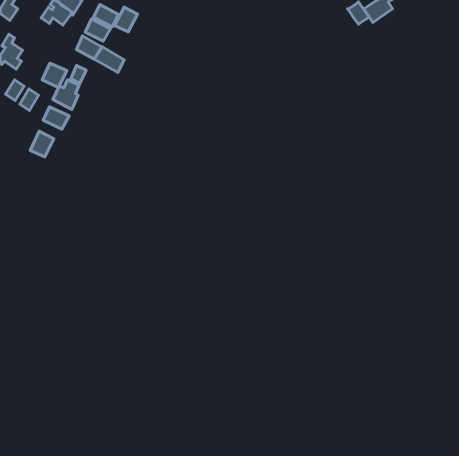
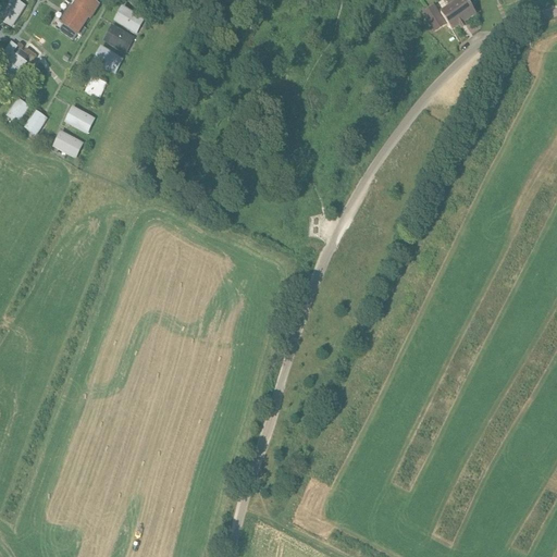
building: [114,7,137,32] -> none
building: [94,47,124,73] -> none
building: [42,63,67,88] -> none
building: [30,131,54,157] -> none

